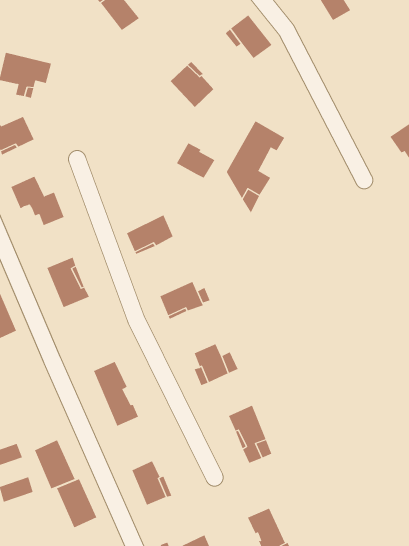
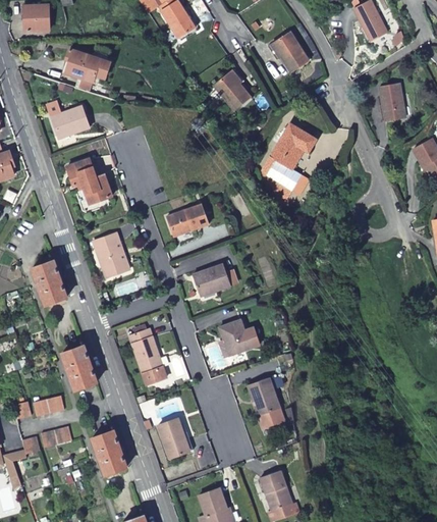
building: none -> [375,79,403,117]
building: [176,143,215,179] -> none
building: [34,439,75,489] -> [60,346,95,389]

